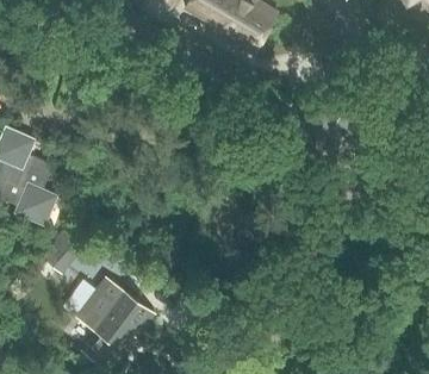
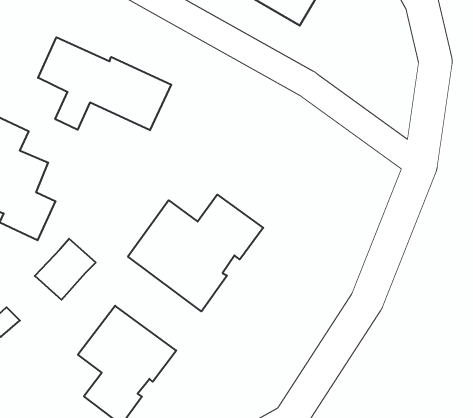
building: none -> [38,37,171,130]
building: none -> [128,195,263,311]

